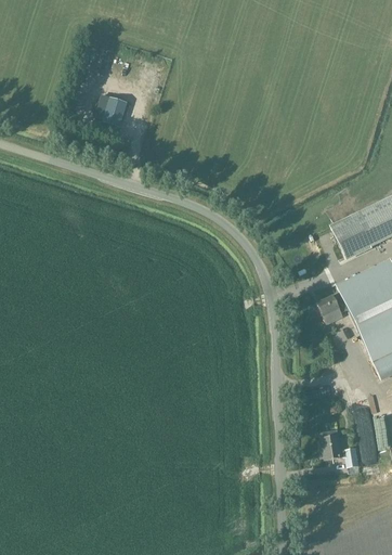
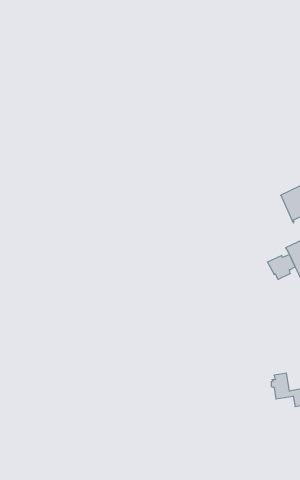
building: [103,96,129,127] -> none

